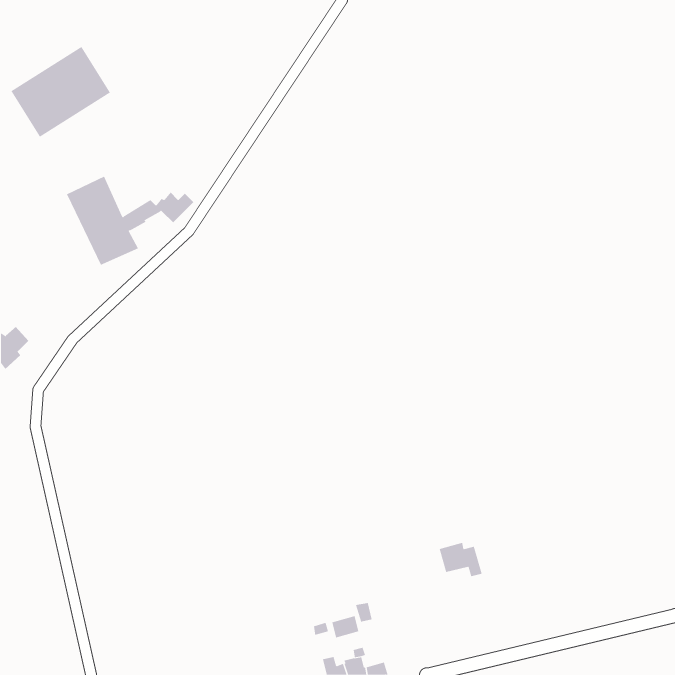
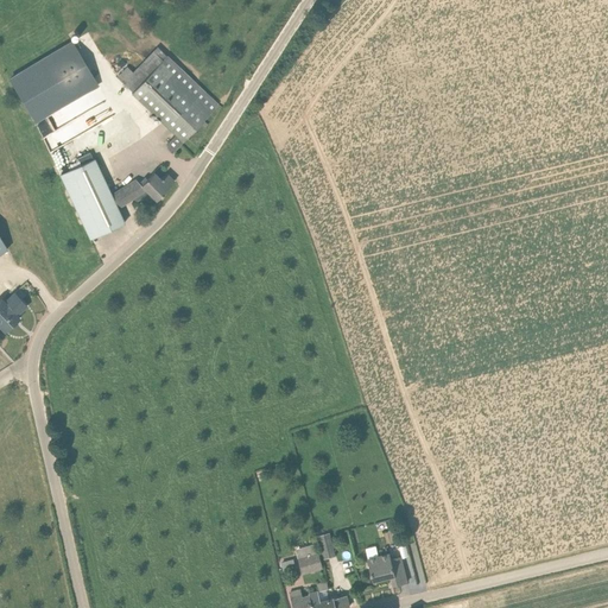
building: none -> [124,48,217,152]
building: [439,542,483,578] -> [368,553,407,585]

